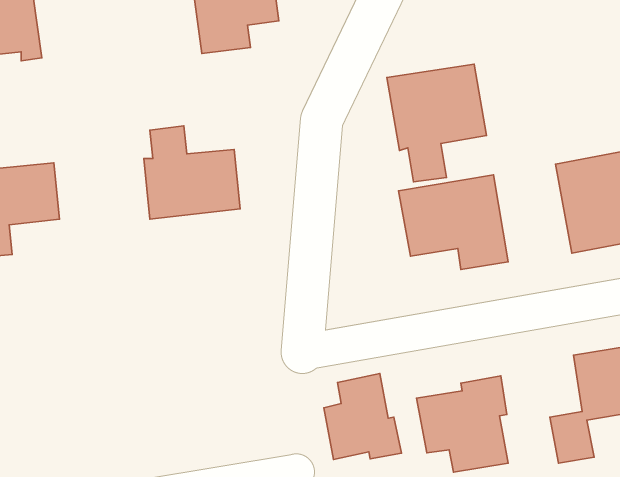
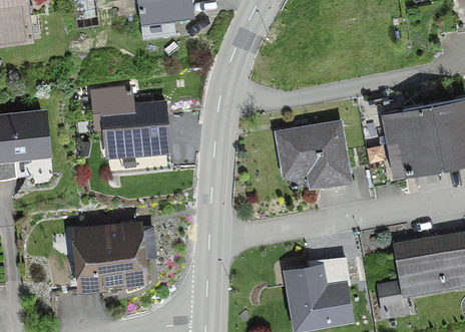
building: [387,64,487,182] -> none
building: none -> [76,228,140,285]
building: [324,374,401,460] -> none

